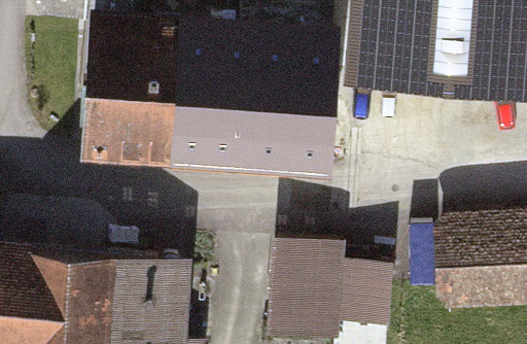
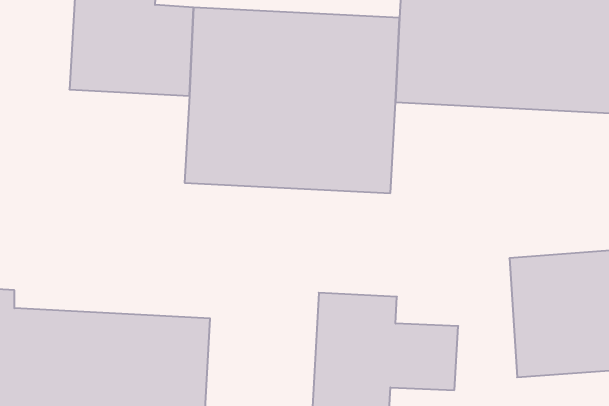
building: [77,77,177,152] -> none

